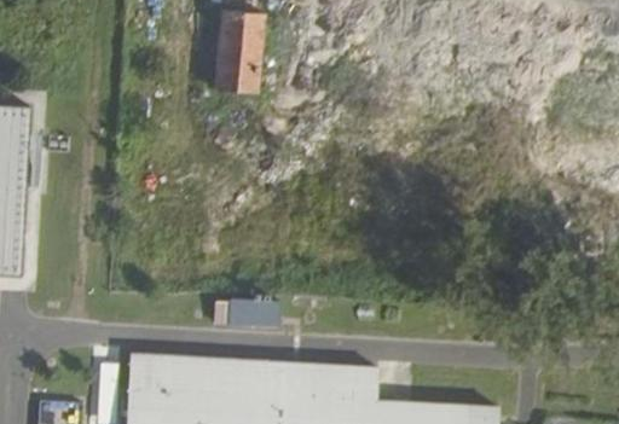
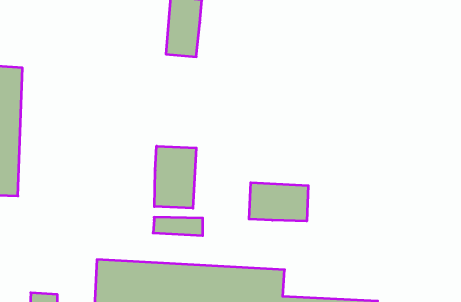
building: none -> [154,146,196,208]
building: none -> [249,183,308,221]

